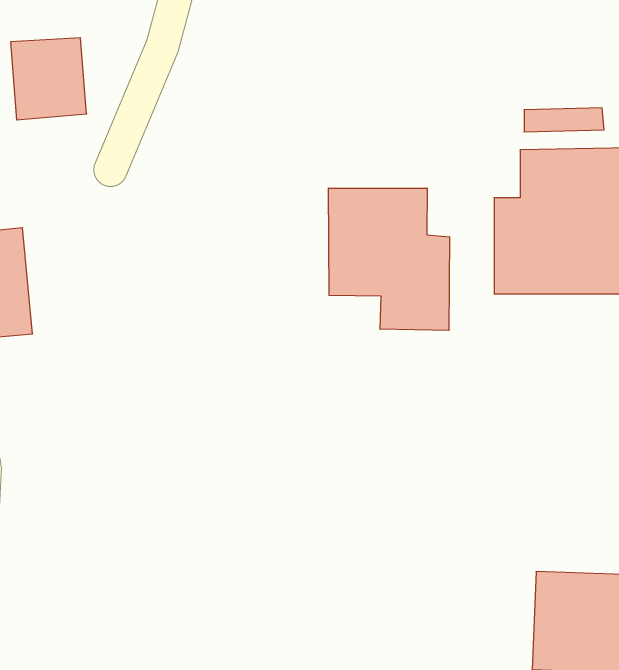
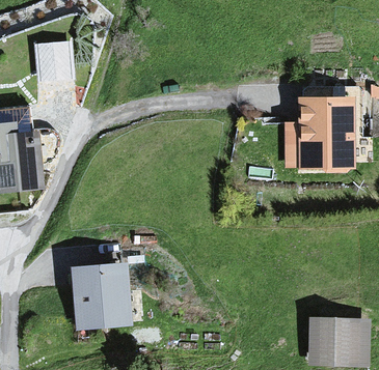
building: [328,188,449,330] -> none
building: none -> [74,263,134,330]

